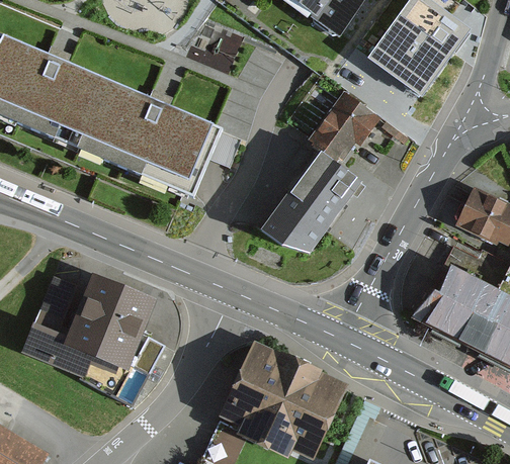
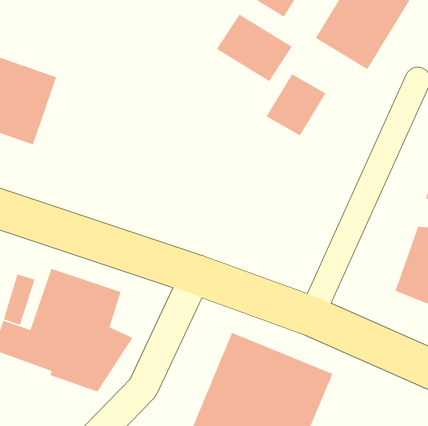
building: none -> [216,14,293,82]
building: [77,81,219,195] -> none
building: [264,157,354,256] -> none

